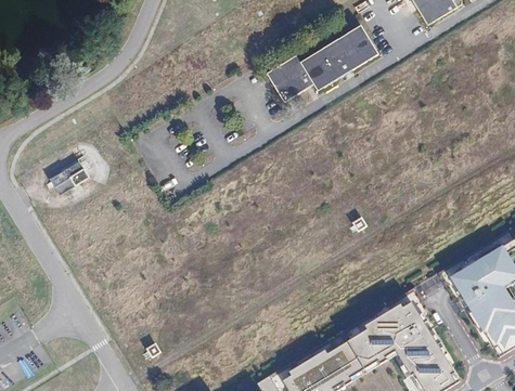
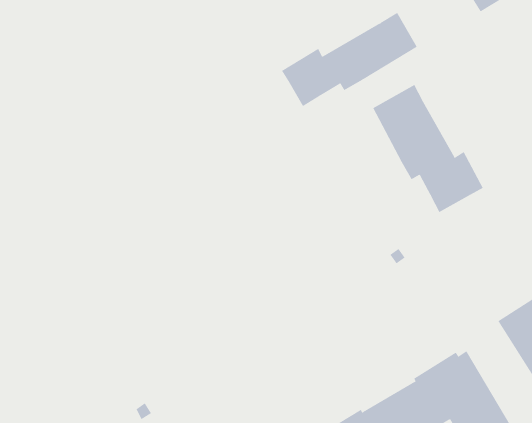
building: none -> [373,84,483,213]
building: [50,160,88,193] -> none

